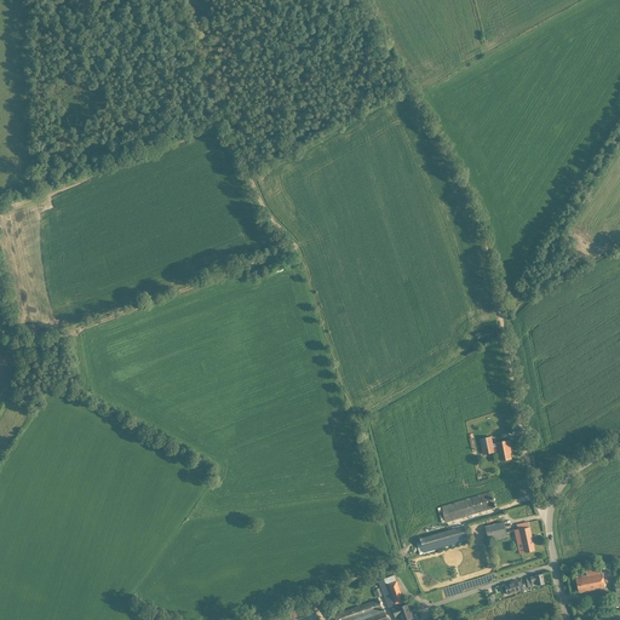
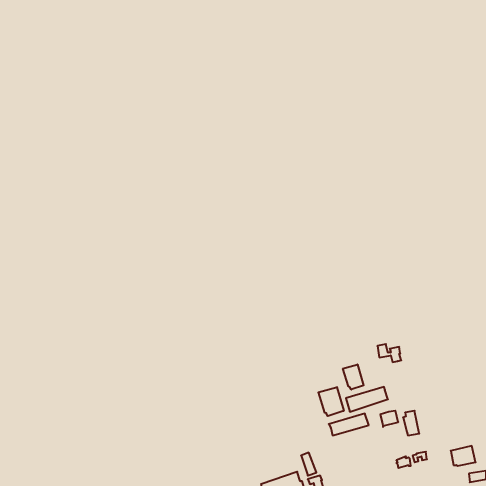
building: none -> [343,364,364,390]
building: none -> [318,387,344,416]

